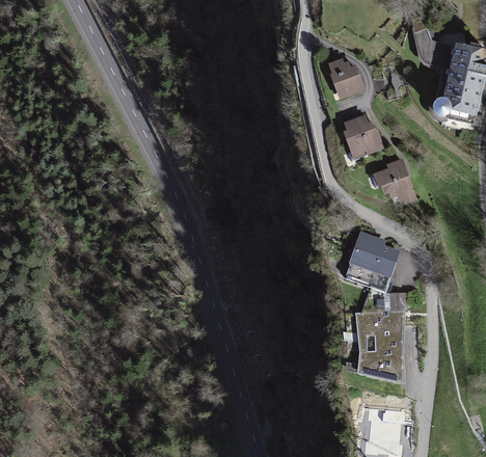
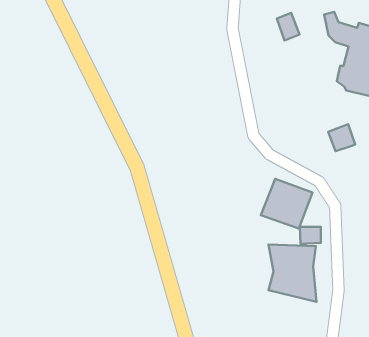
building: [332,62,360,97] -> [277,13,300,41]
building: [344,109,382,157] -> none
building: [377,163,410,196] -> [328,124,355,151]

